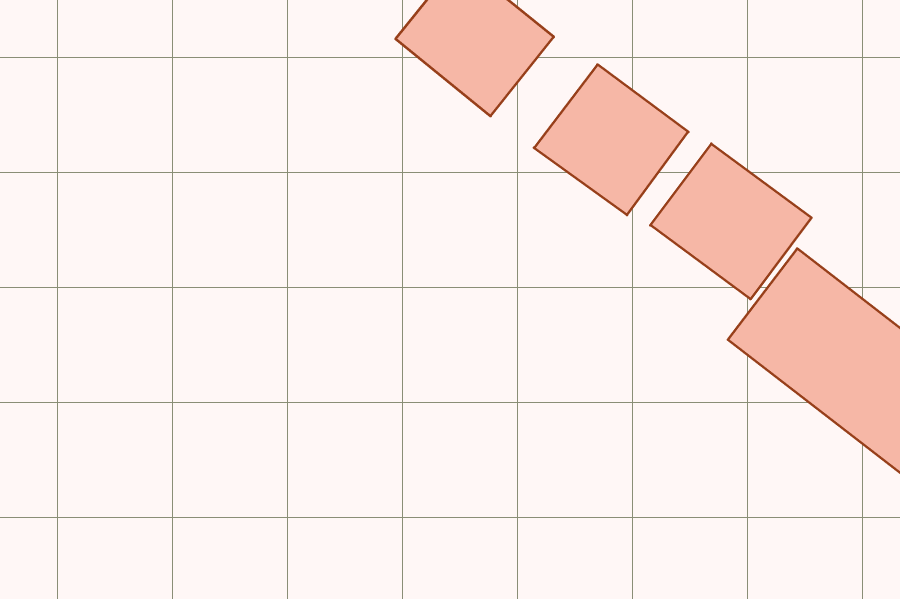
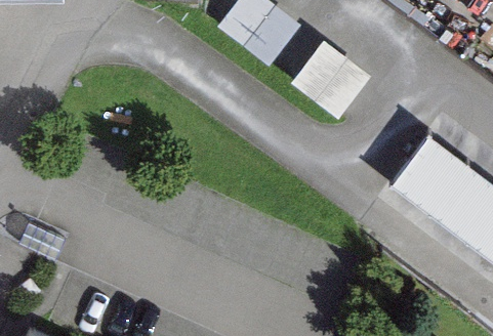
building: [650,144,811,299] -> none

